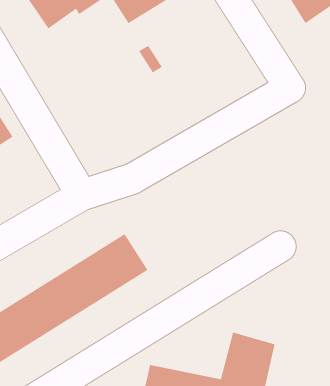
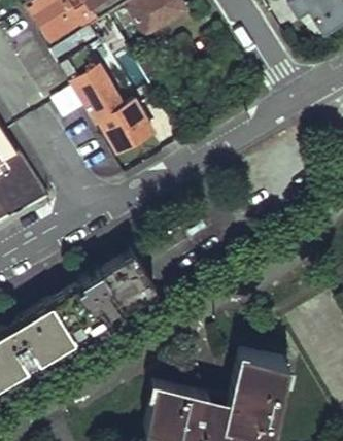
building: none -> [55,42,155,160]

